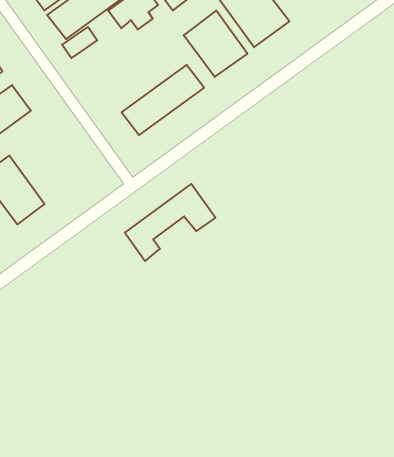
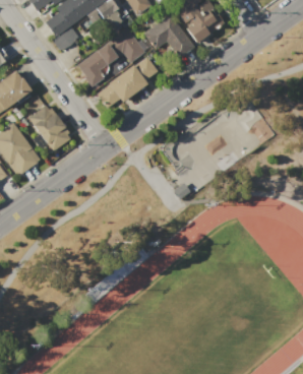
building: none -> [27,104,71,151]
building: [125,184,215,261] -> [77,28,145,86]

